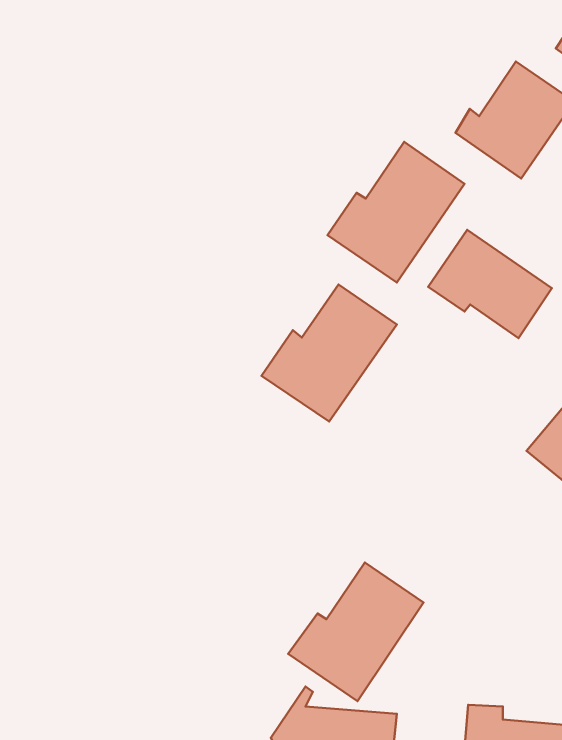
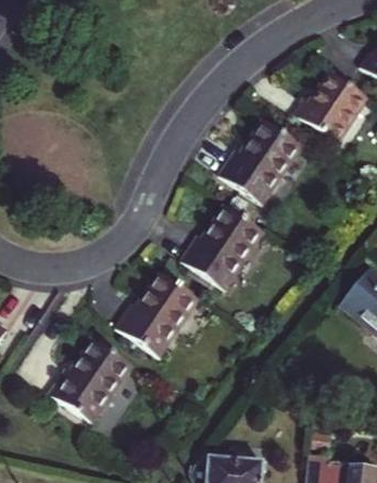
building: [428,230,552,338] -> none
building: none -> [50,336,133,420]
building: [288,562,423,701] -> [117,270,198,352]

